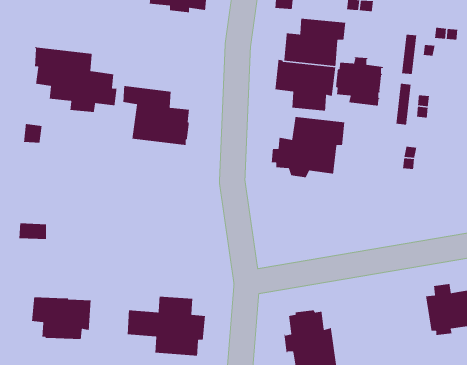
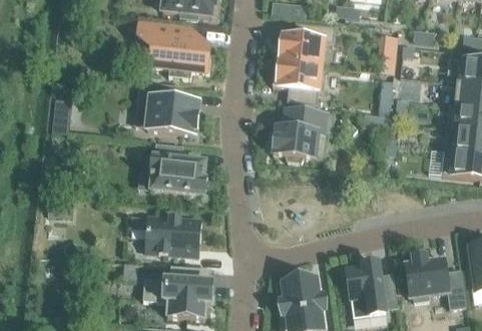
building: [34,46,117,113] -> [137,19,210,77]
building: [335,56,384,106] -> none
building: none -> [149,142,205,195]
building: none -> [346,262,397,317]
building: [31,296,92,340] -> [146,216,199,254]

